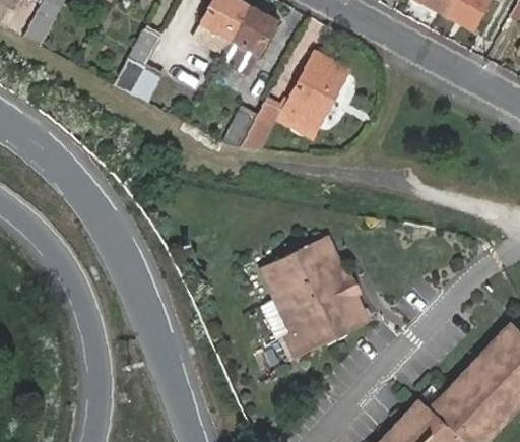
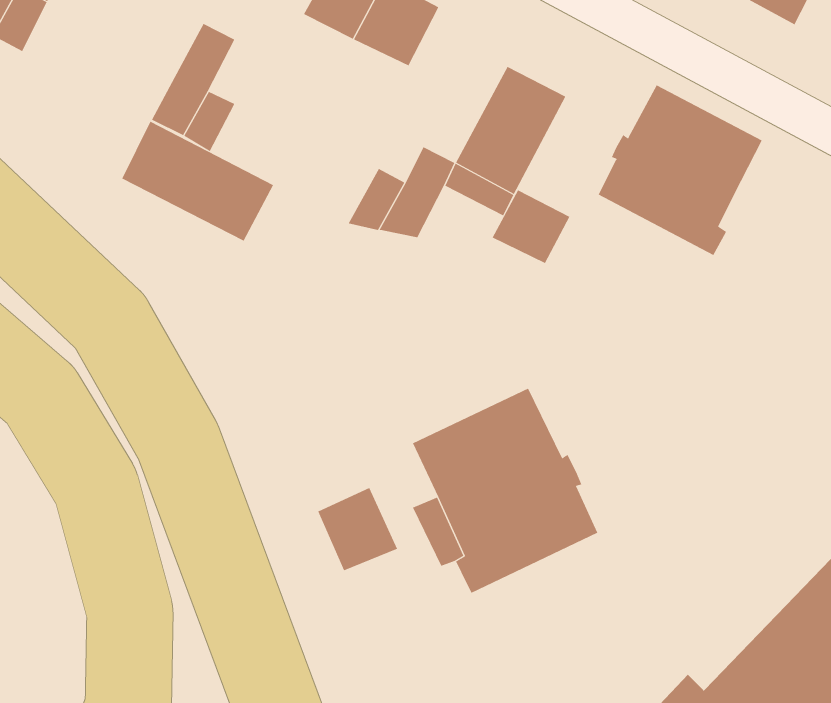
building: none -> [598,85,762,256]
building: none -> [121,121,274,241]
building: none -> [492,190,570,264]
building: none -> [317,487,398,571]

